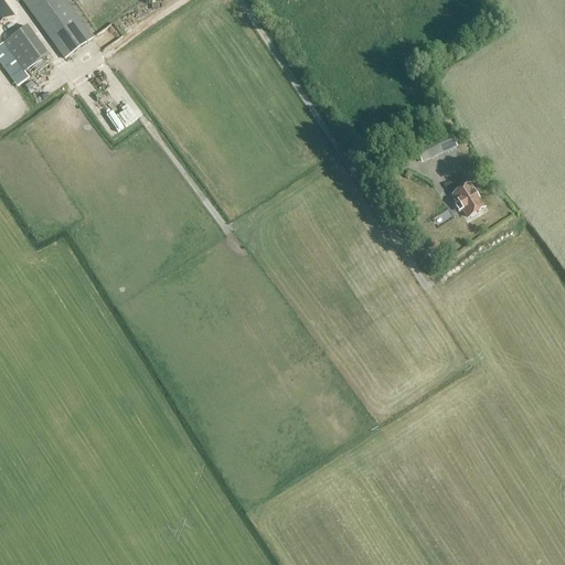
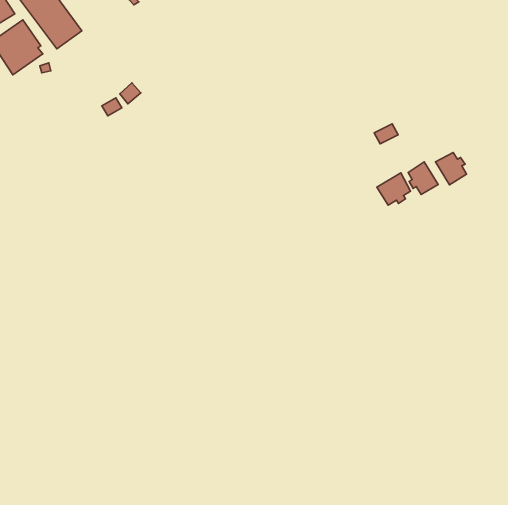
building: none -> [435,152,467,185]
building: none -> [377,173,411,205]

